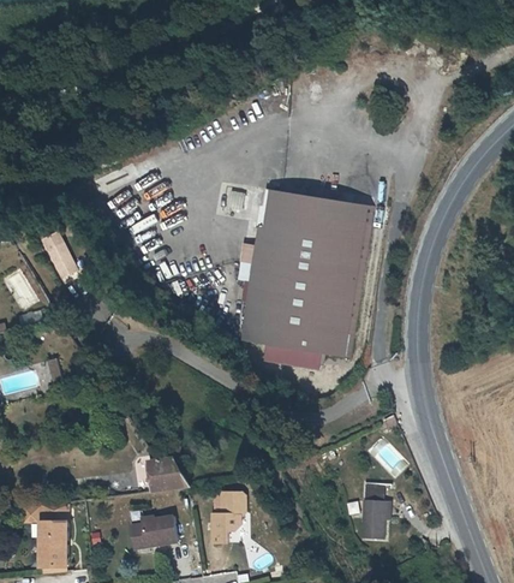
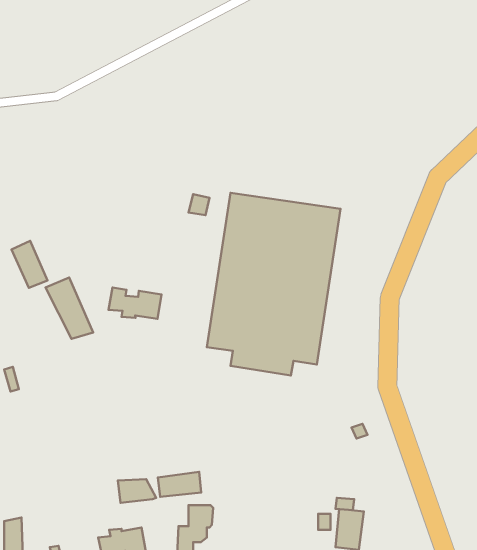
building: none -> [46,278,93,339]
building: none -> [108,288,161,319]
building: none -> [158,472,201,497]

